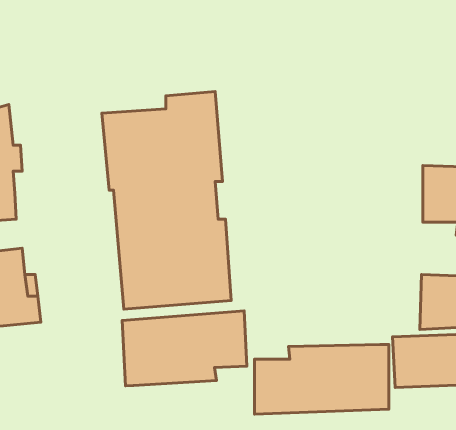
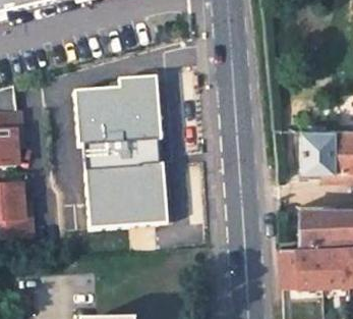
building: [122,311,247,386] -> none
building: [254,345,389,414] -> none

